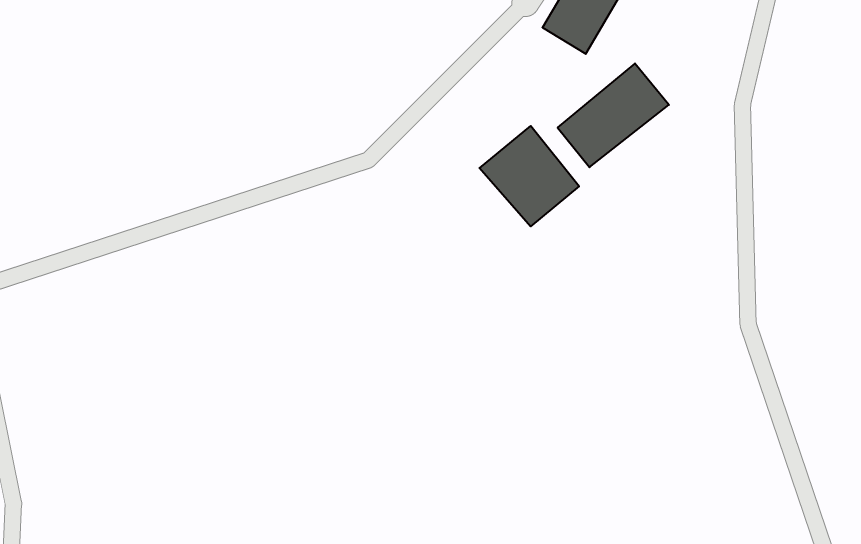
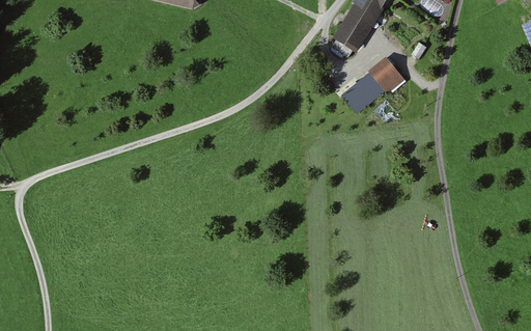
building: [479,126,579,226] -> none

